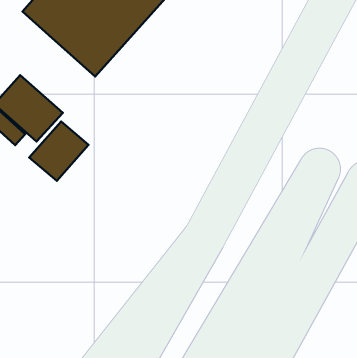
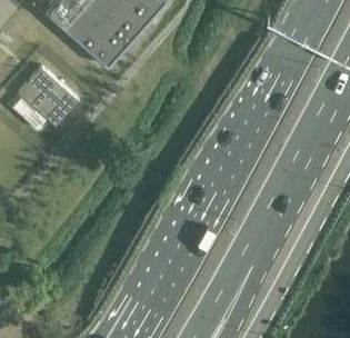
building: [29,121,89,181] -> none

